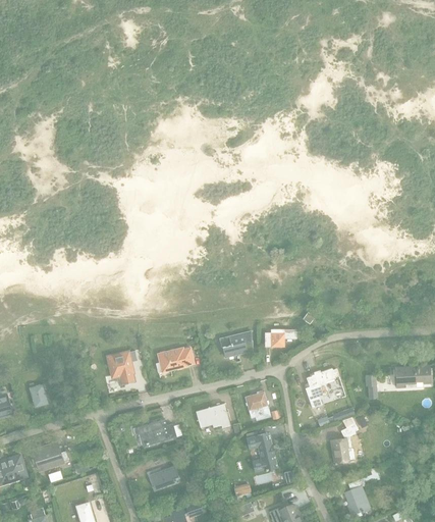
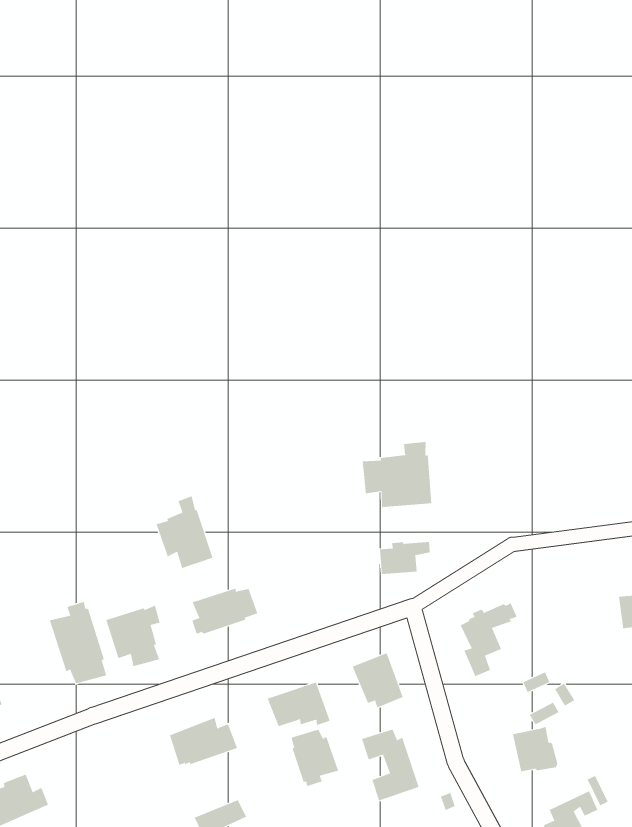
building: none -> [362,441,432,508]
building: none -> [156,496,213,569]
building: [220,331,251,357] -> none
building: none -> [49,601,107,684]
building: none -> [291,729,339,787]

